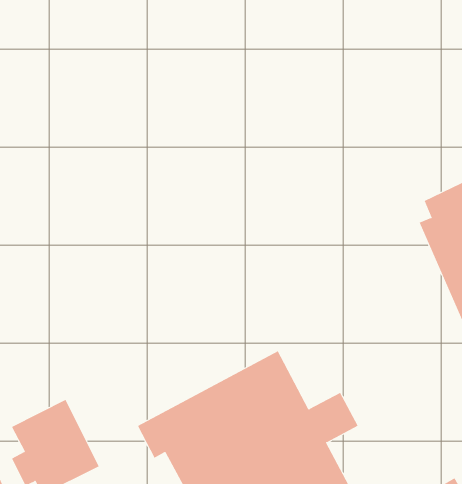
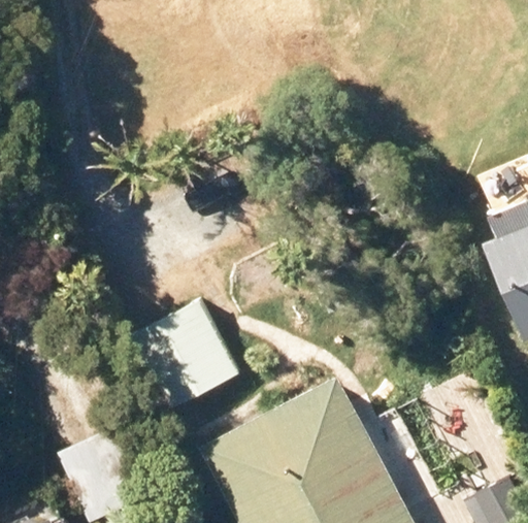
building: none -> [125,301,238,415]

